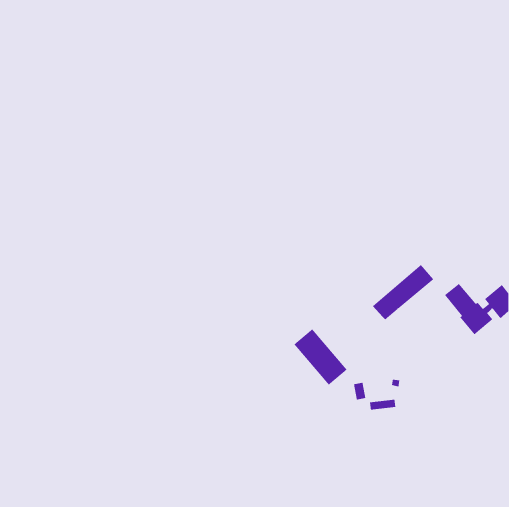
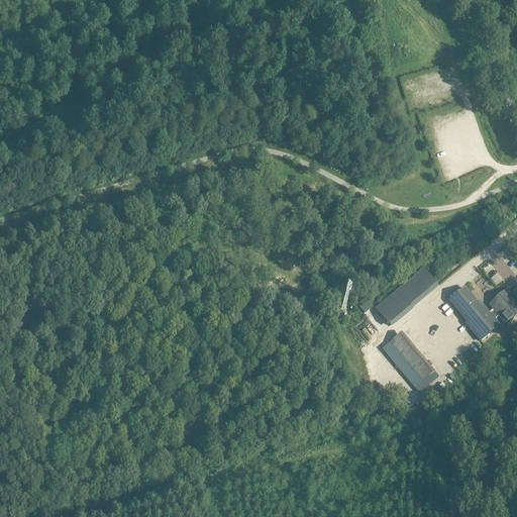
building: [293,328,347,385] -> [381,327,435,385]

